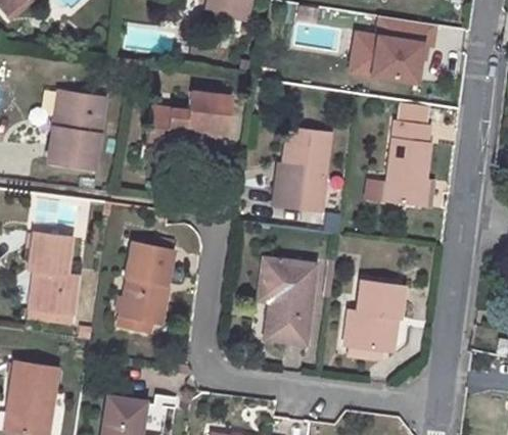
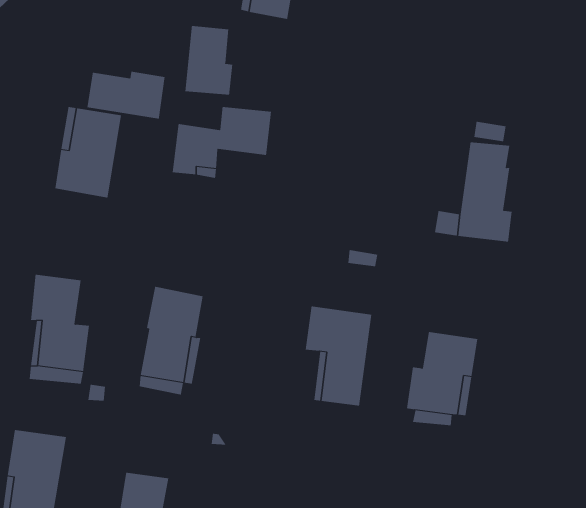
building: [343,14,431,90] -> none
building: none -> [185,25,233,95]
building: none -> [87,71,165,120]
building: [274,128,331,210] -> none

